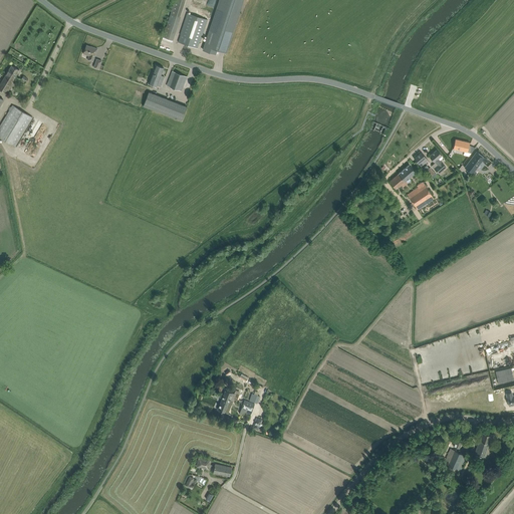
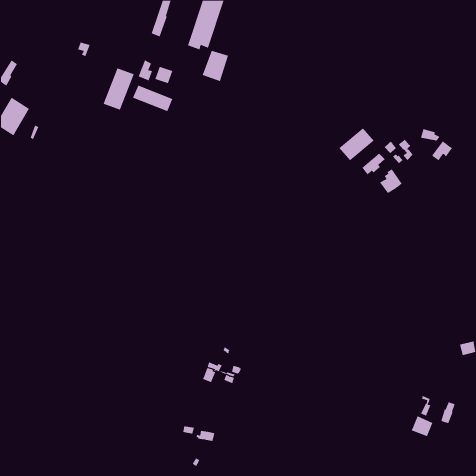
building: [178,14,207,48] -> [202,50,229,82]
building: none -> [103,67,135,110]
building: none -> [338,127,374,161]

